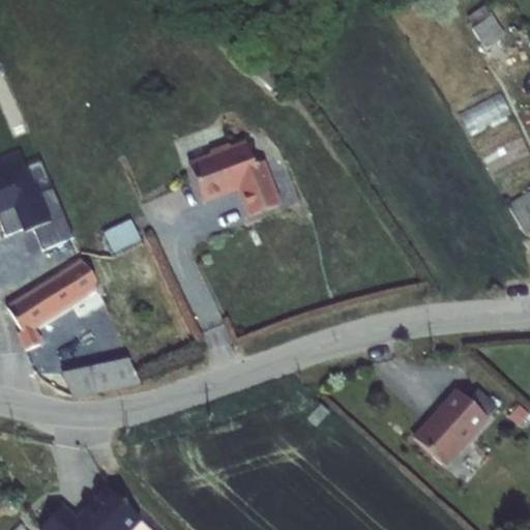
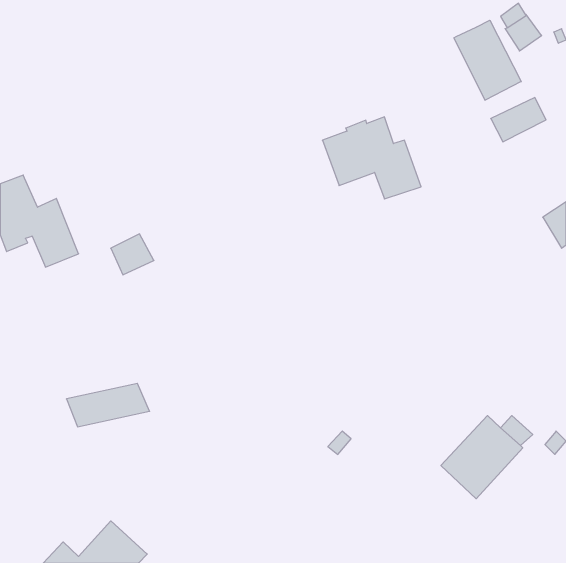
building: none -> [454,20,521,100]
building: [188,139,281,215] -> [322,117,421,199]
building: [6,257,96,350] -> none

